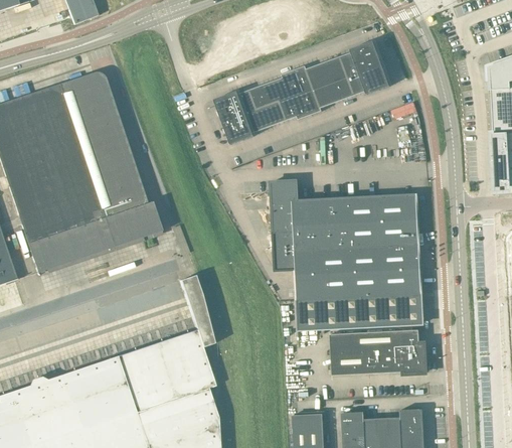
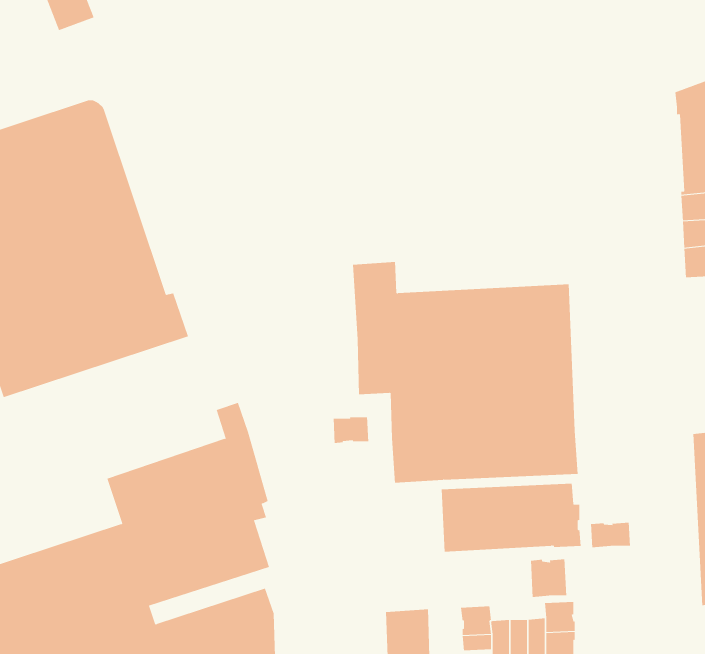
building: [214,40,390,145] -> none
building: none -> [333,416,369,444]
building: none -> [591,522,630,548]
building: none -> [530,558,567,598]

